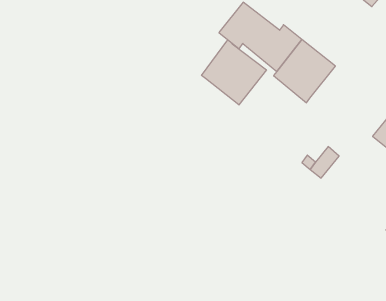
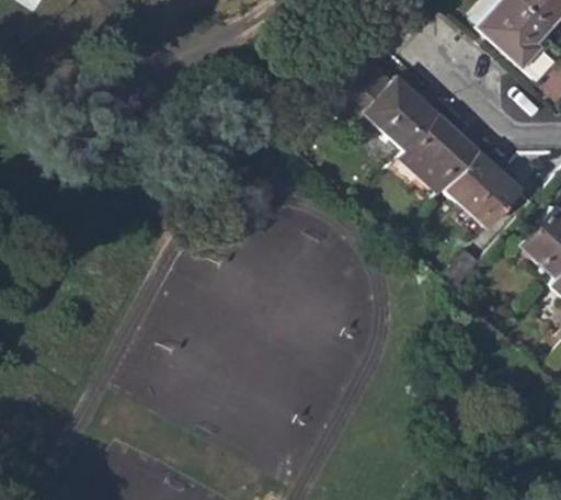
building: [202,40,266,105] -> none
building: none -> [445,151,523,224]

